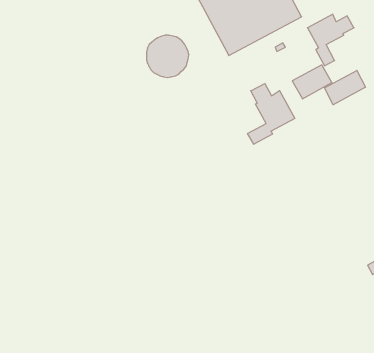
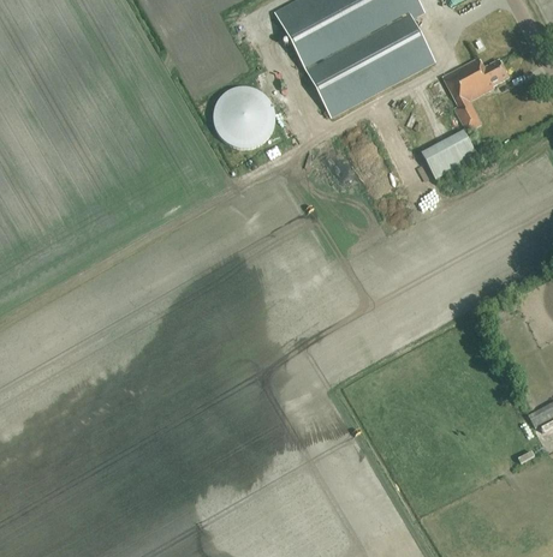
building: [325,70,365,105] -> none
building: [248,84,295,144] -> none

